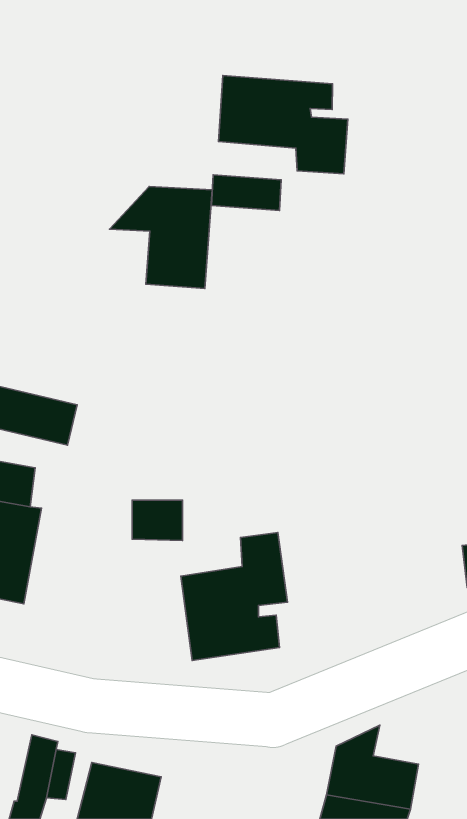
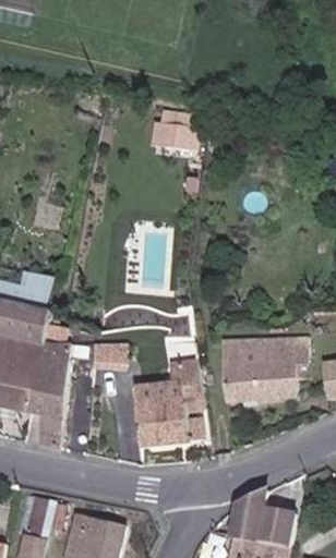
building: [219,76,348,174] -> none
building: [110,186,212,288] -> none
building: none -> [219,331,312,400]
building: none -> [28,343,69,448]

